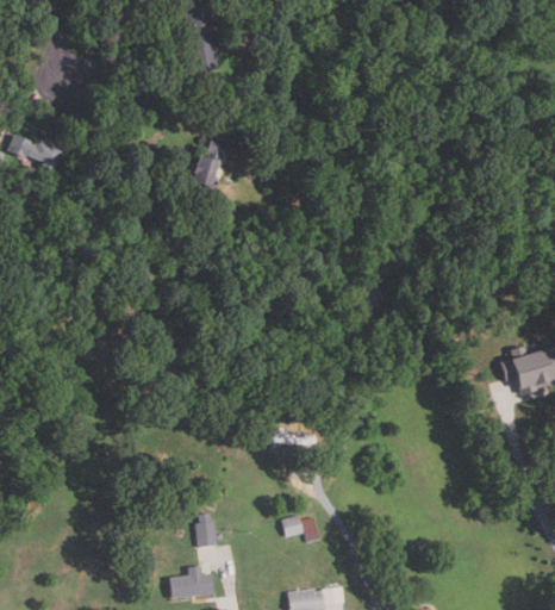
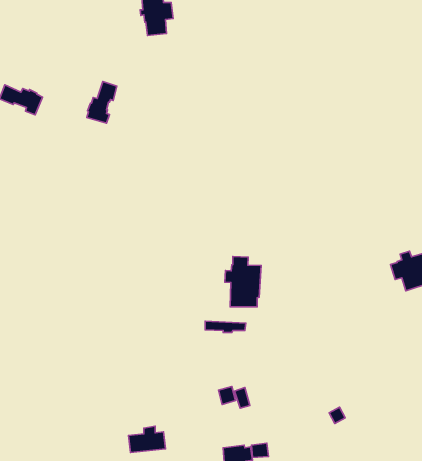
building: [191,137,229,189] -> [87,82,117,123]
building: none -> [225,256,261,307]
building: [195,512,218,547] -> none

